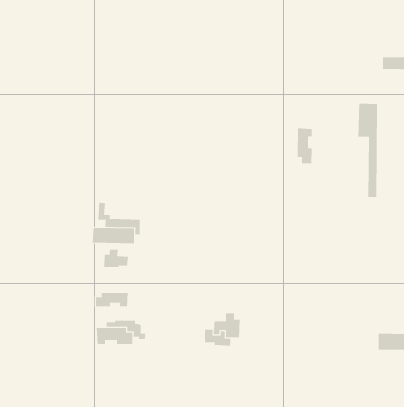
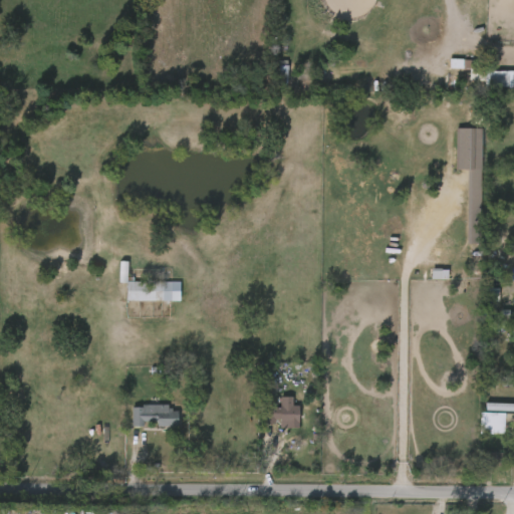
building: [297,128,312,164] -> none
building: [104,249,128,268] -> none
building: [96,292,128,307] -> none

